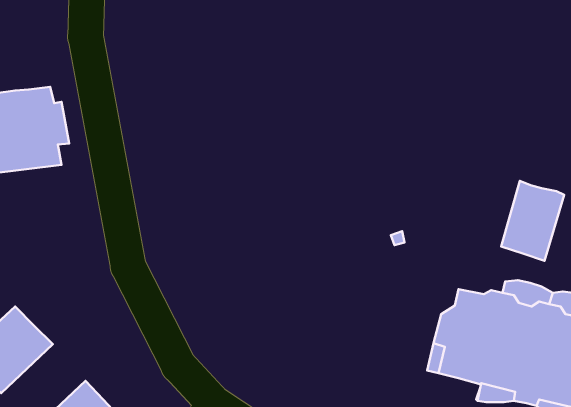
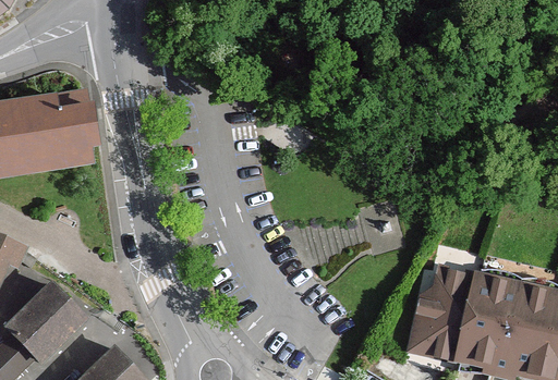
building: [501,181,564,261] -> none

